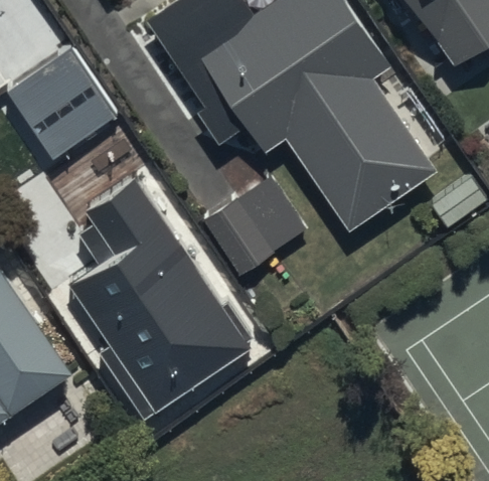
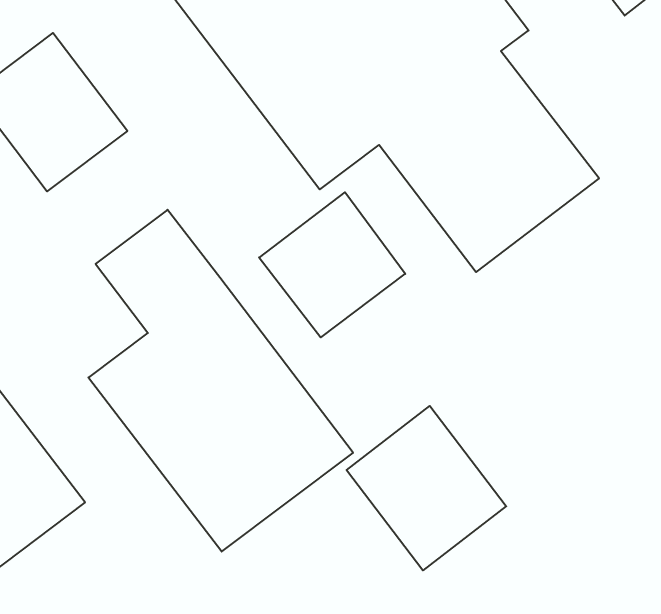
building: none -> [347,406,506,570]

